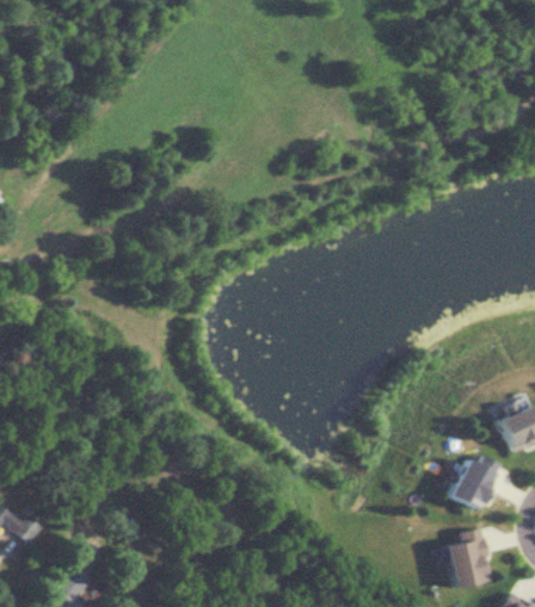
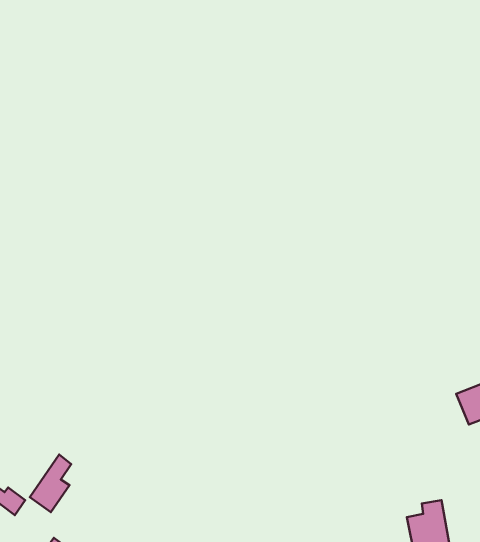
building: [448,457,498,510] -> none
building: none -> [30,455,71,512]

